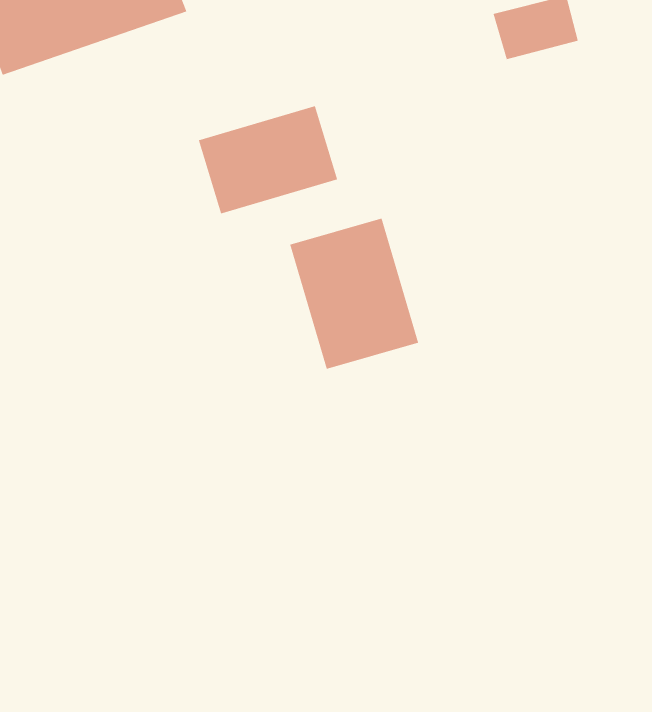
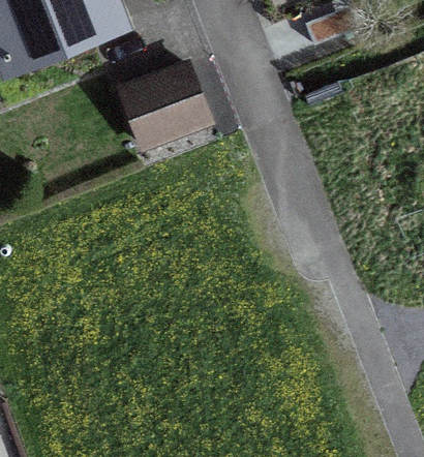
building: [289,217,419,370] -> none

